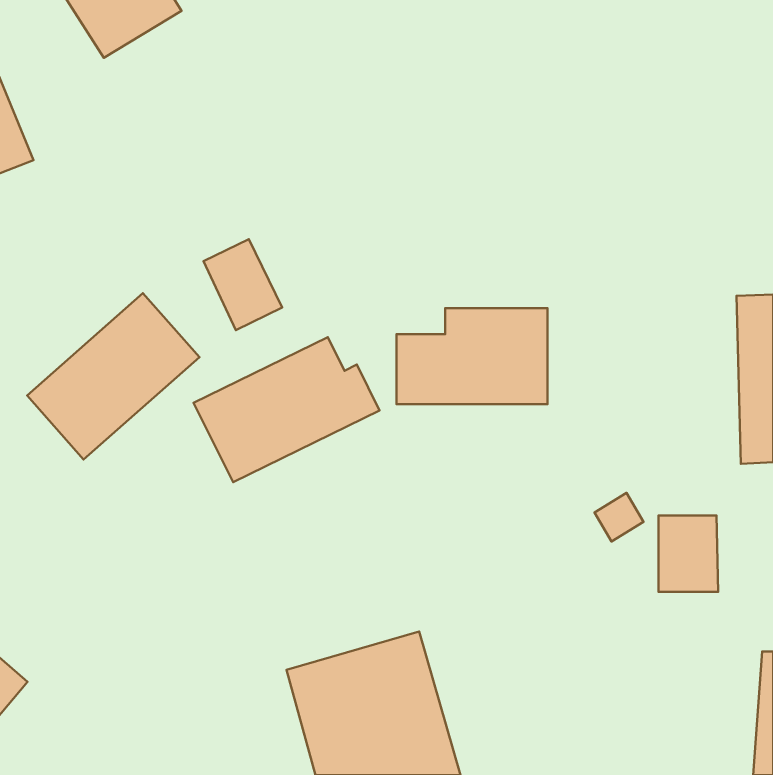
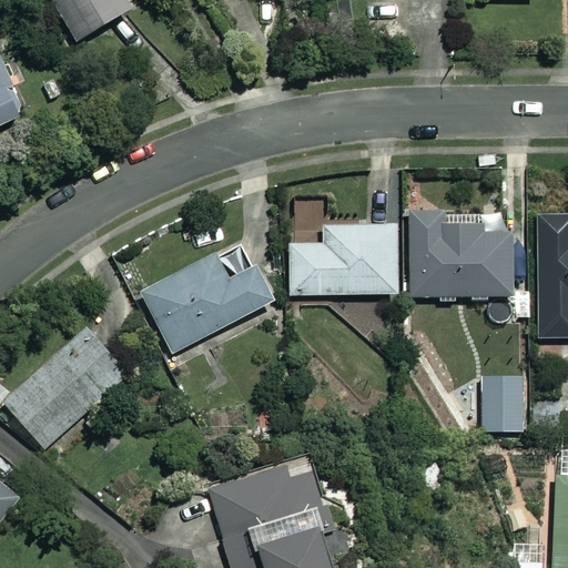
building: [203,239,282,330] -> none
building: none -> [409,212,513,295]
building: [27,293,199,460] -> [4,327,130,448]

